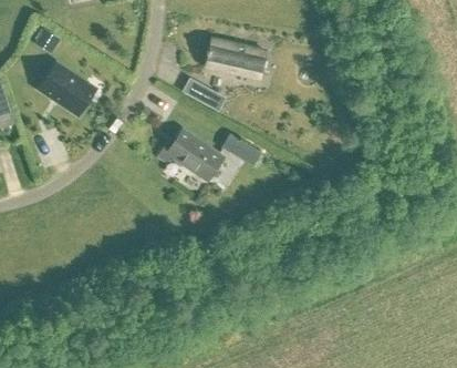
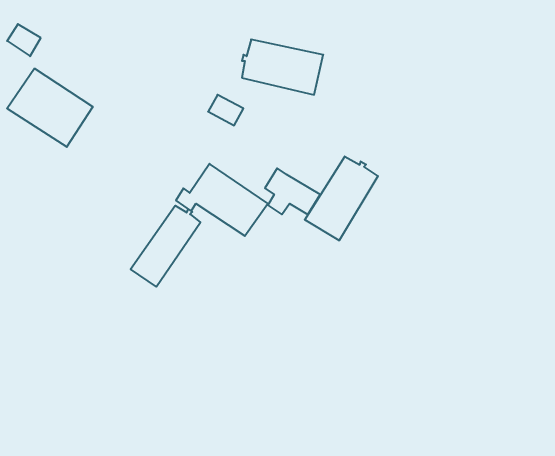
building: none -> [305,156,378,241]
building: none -> [131,206,200,287]

